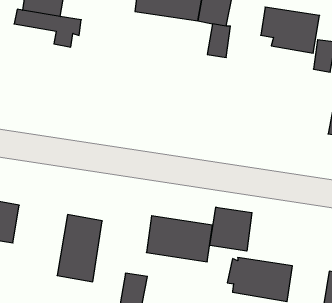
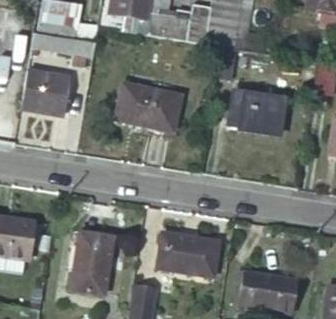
building: [261,7,320,53] -> [229,91,285,135]
building: none -> [22,69,69,117]
building: none -> [115,88,180,134]
building: [210,207,252,251] -> none

